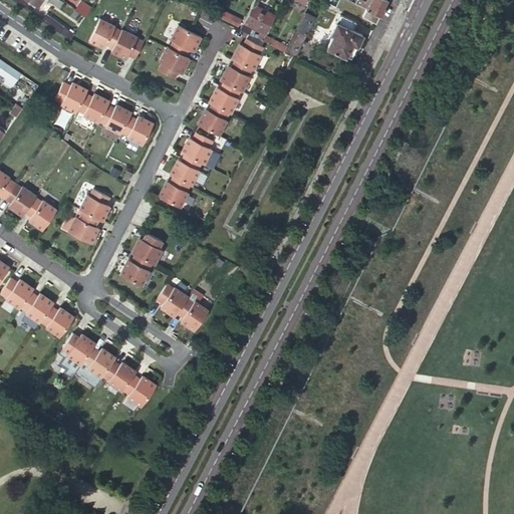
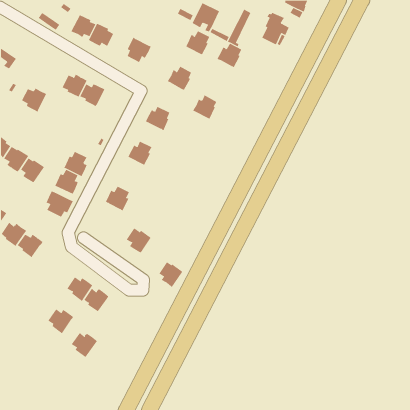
building: [170,26,201,57] -> none
building: [220,61,252,92] -> [217,43,242,68]
building: [55,82,87,113] -> [21,88,47,112]
building: [198,104,229,136] -> [192,94,217,119]
building: [121,116,154,146] -> none
building: [171,155,202,186] -> none
building: none -> [46,190,73,217]
building: [119,255,151,286] -> none
building: [179,299,210,332] -> [158,261,183,288]
building: [41,307,74,337] -> none
building: [63,332,96,364] -> [48,308,74,334]
building: [123,374,158,407] -> [71,332,98,358]

